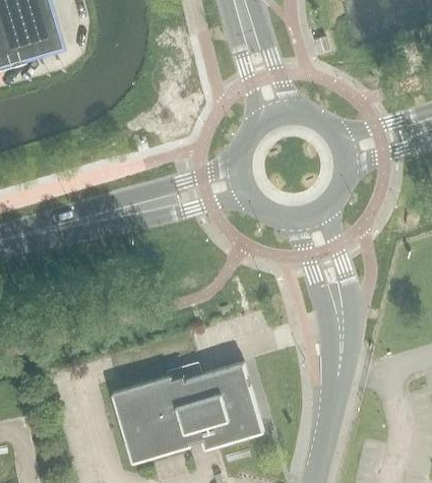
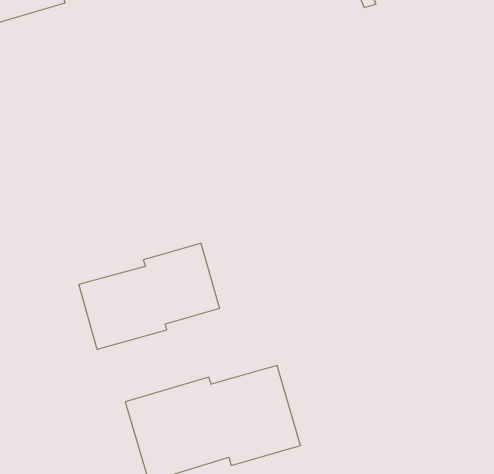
building: none -> [79,243,219,350]

